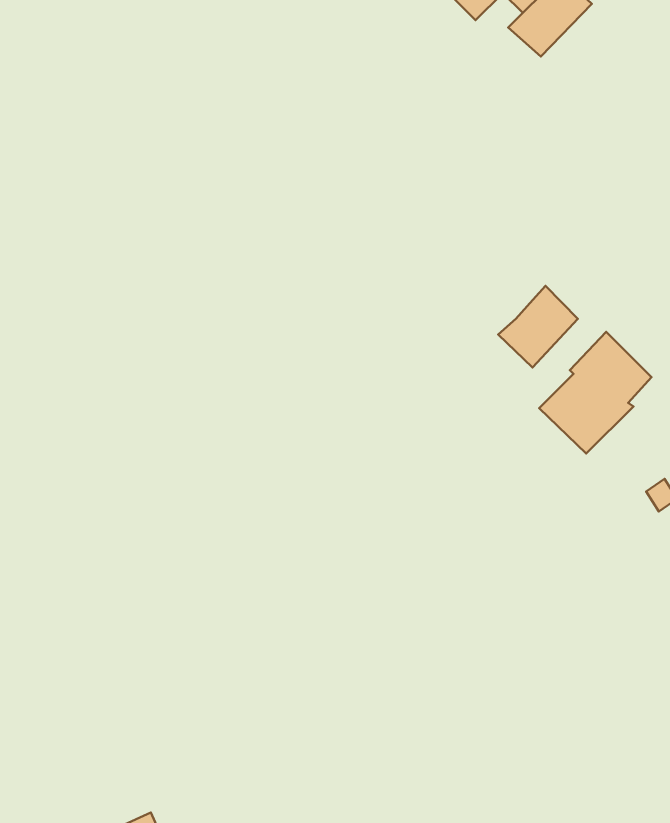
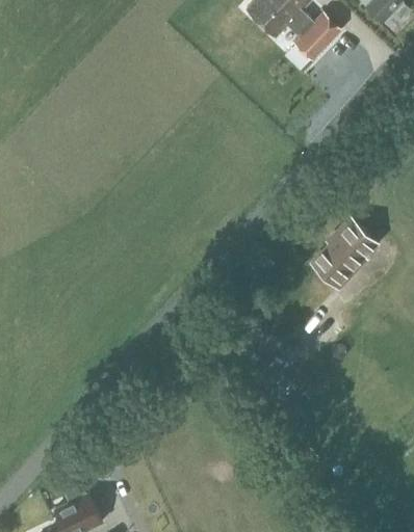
building: [498,286,578,367] -> none

